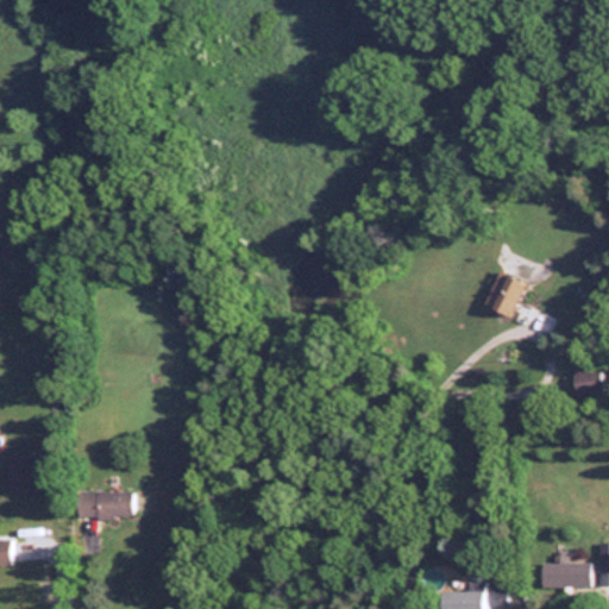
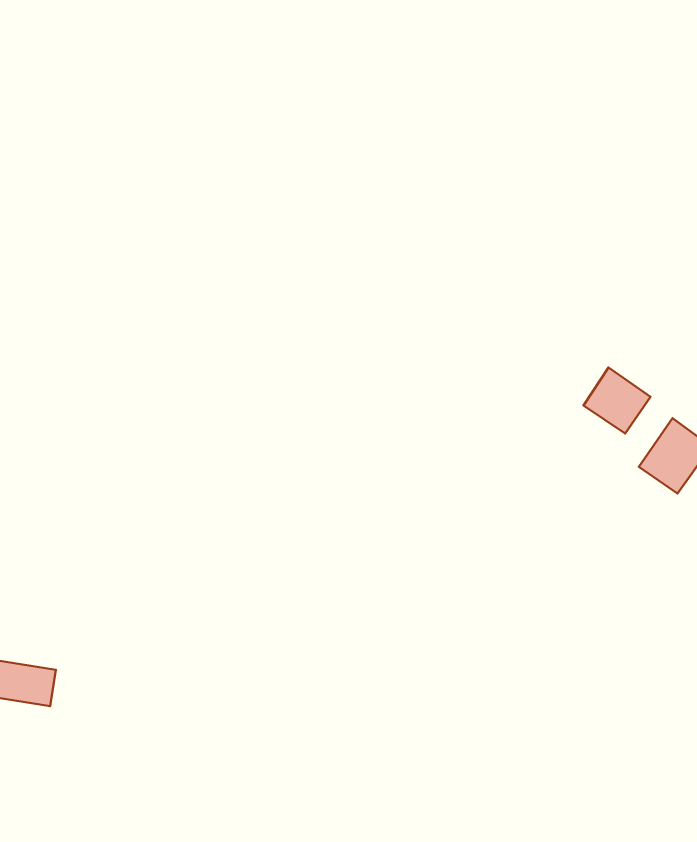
building: none -> [584,368,651,433]

